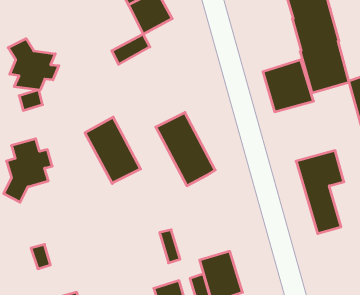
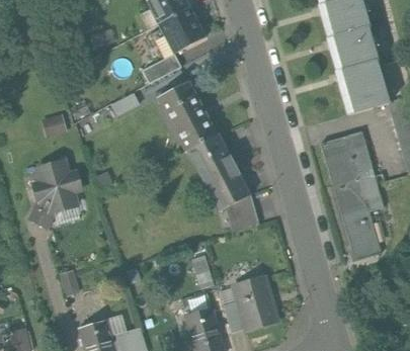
building: [8,39,59,90] -> none
building: [263,60,314,112] -> [322,130,375,184]
building: [85,117,141,184] -> [159,81,217,150]
building: none -> [231,192,259,230]

